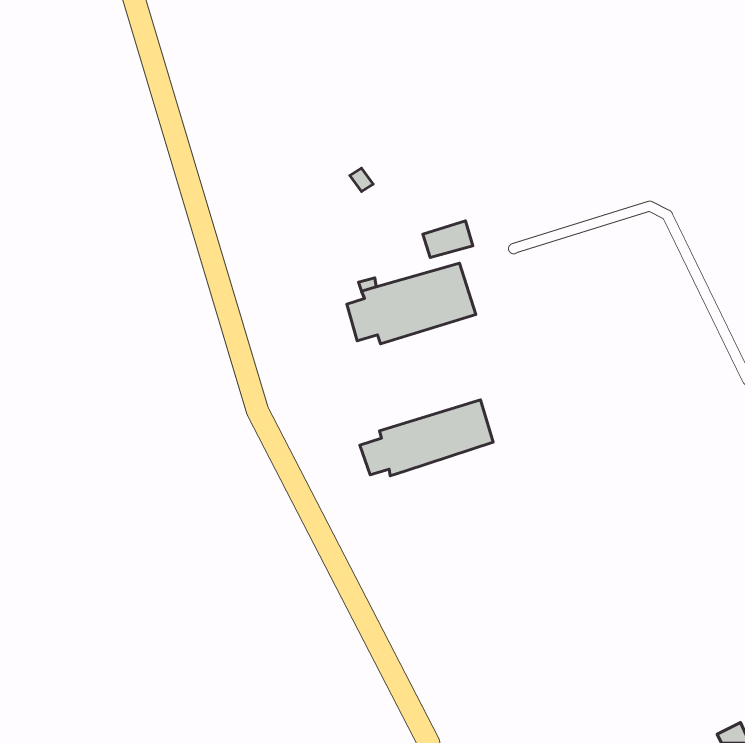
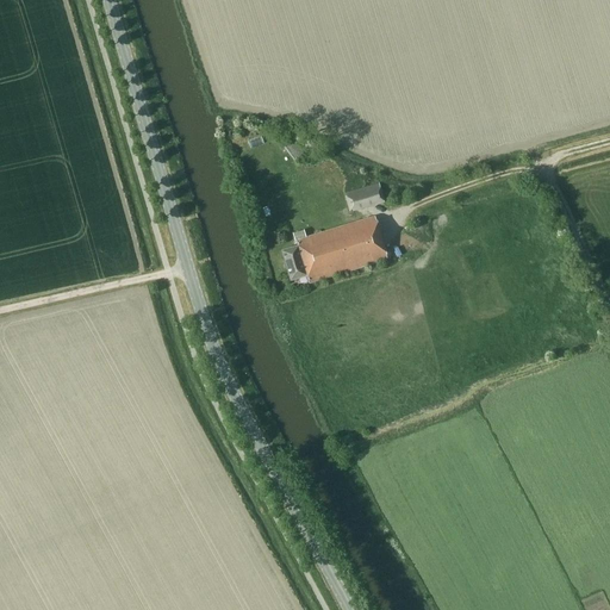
building: [360,400,493,476] -> none

